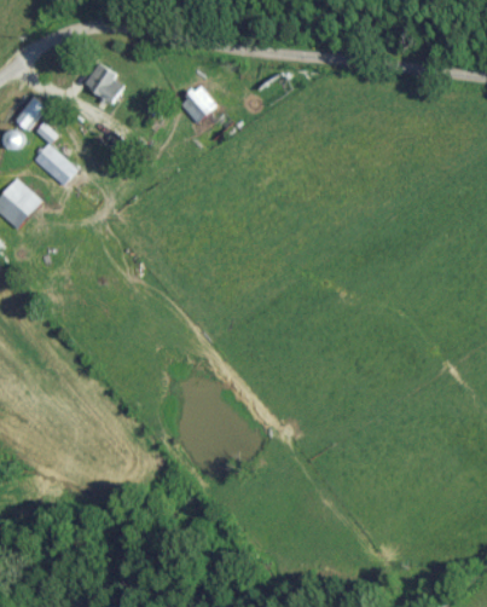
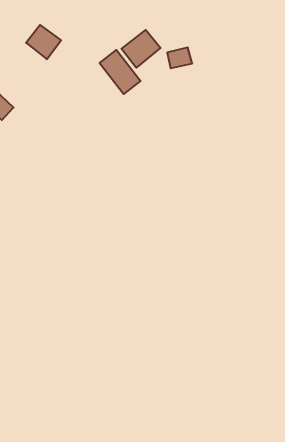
building: none -> [121,30,161,68]

